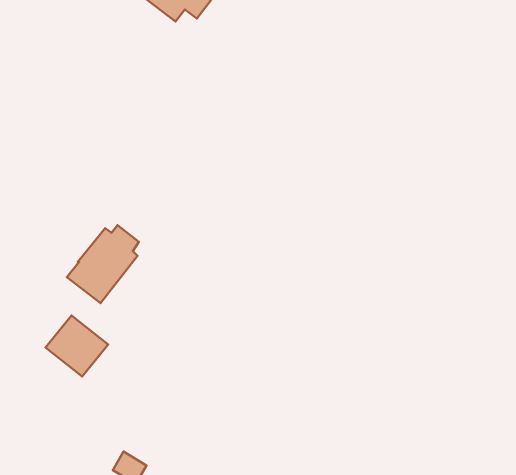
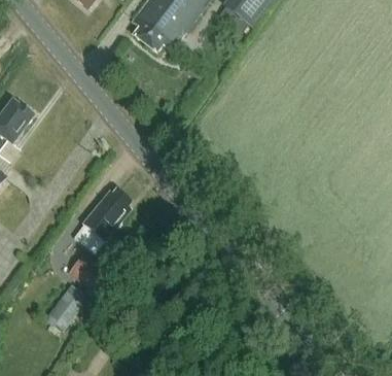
building: none -> [45,281,92,329]

